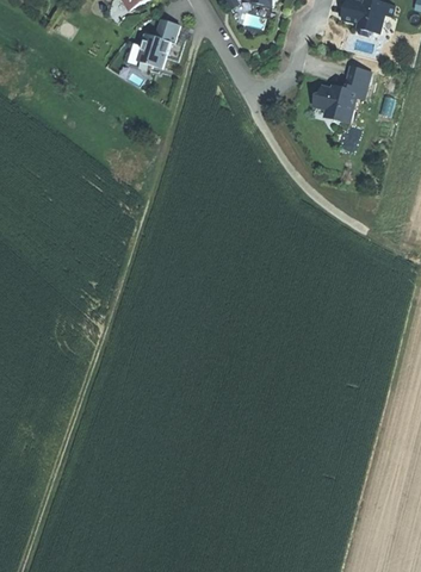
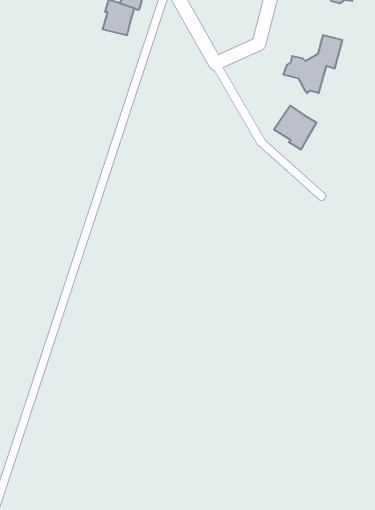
building: none -> [274,106,316,150]

